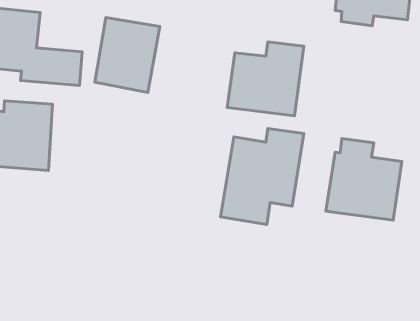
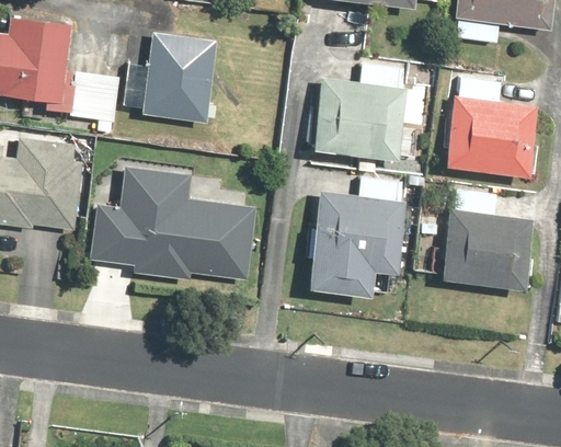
building: none -> [440,74,540,182]
building: none -> [89,163,253,279]

